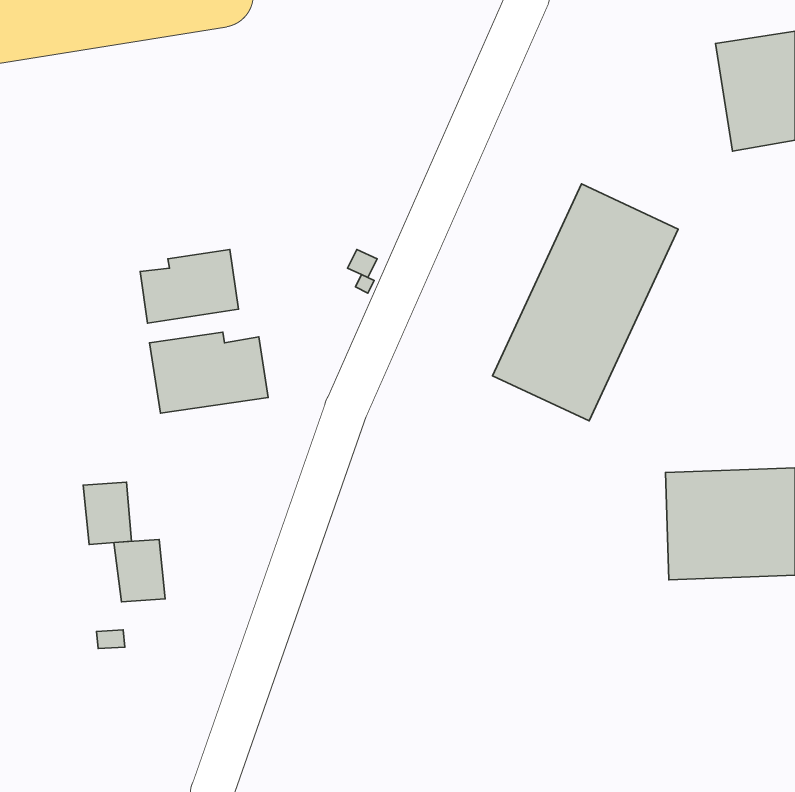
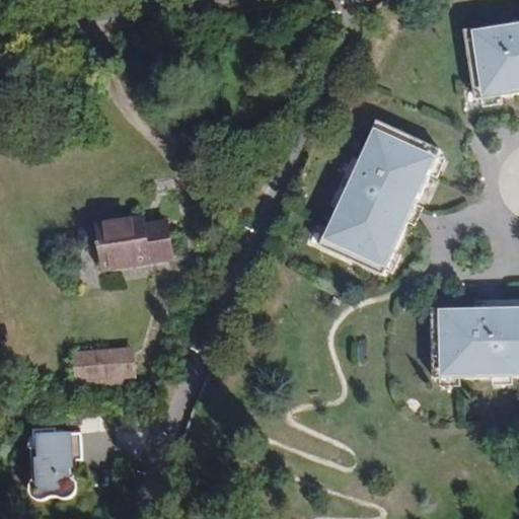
building: [140,250,238,323] -> none
building: [83,482,131,544] -> [103,349,135,389]
building: none -> [29,426,83,499]

